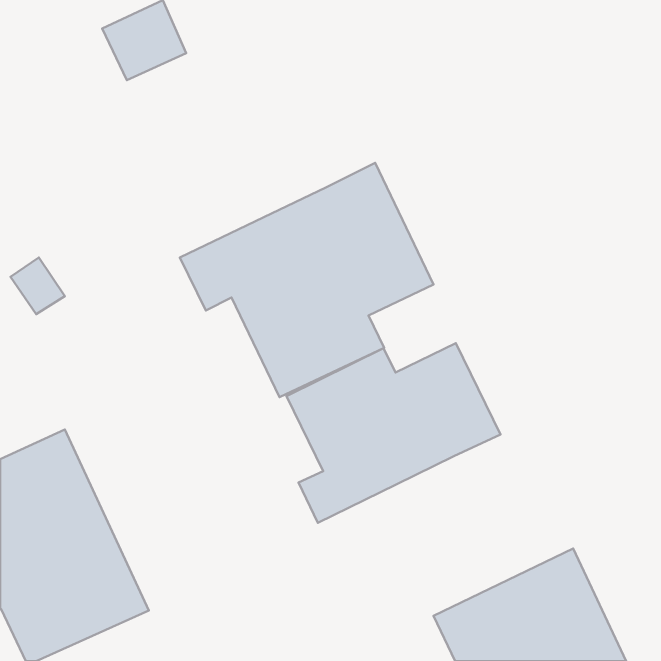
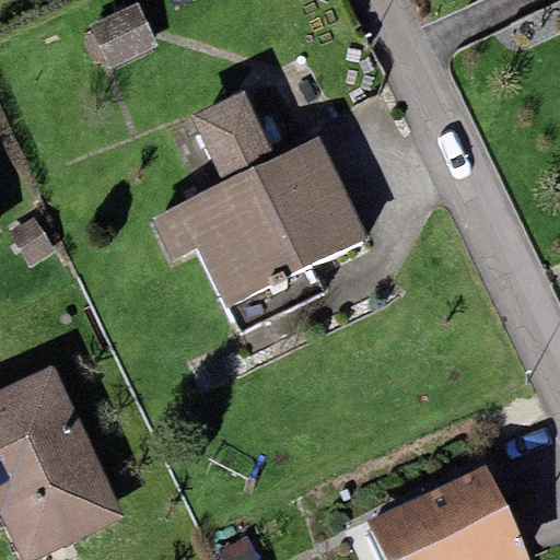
building: none -> [191,91,276,184]
building: [287,343,500,523] -> none

